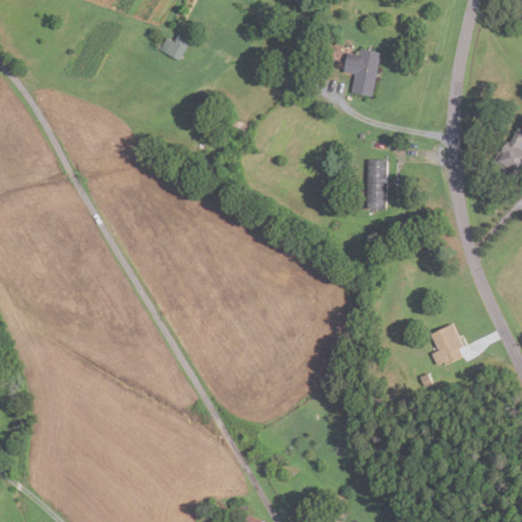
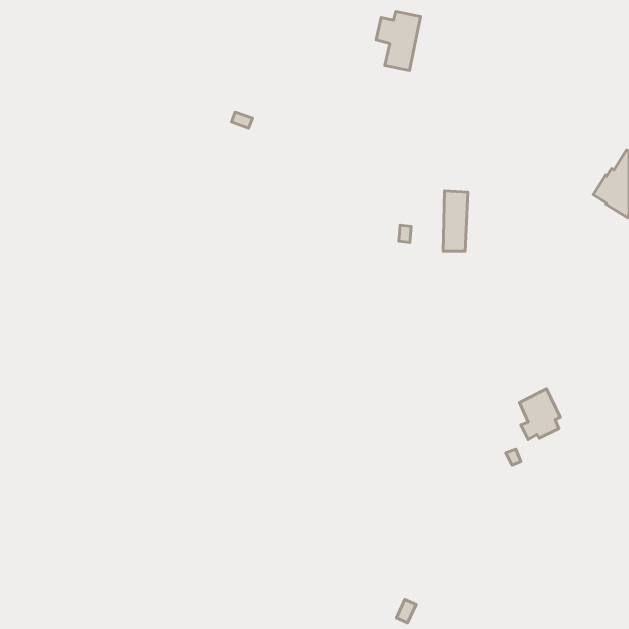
building: [158,35,189,60] -> none
building: [344,48,380,97] -> [376,11,421,71]

